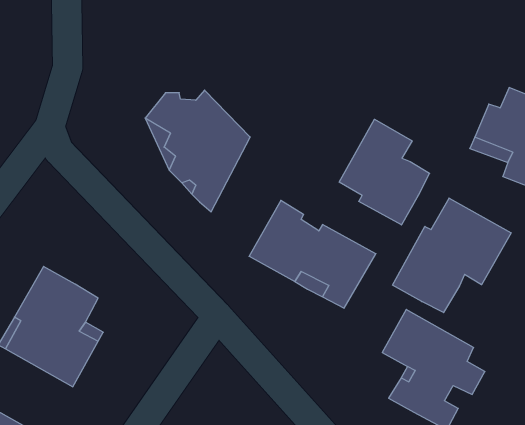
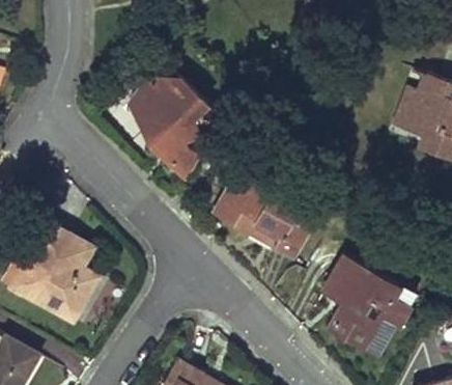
building: [339,119,430,225] -> none
building: [393,198,511,313] -> none

